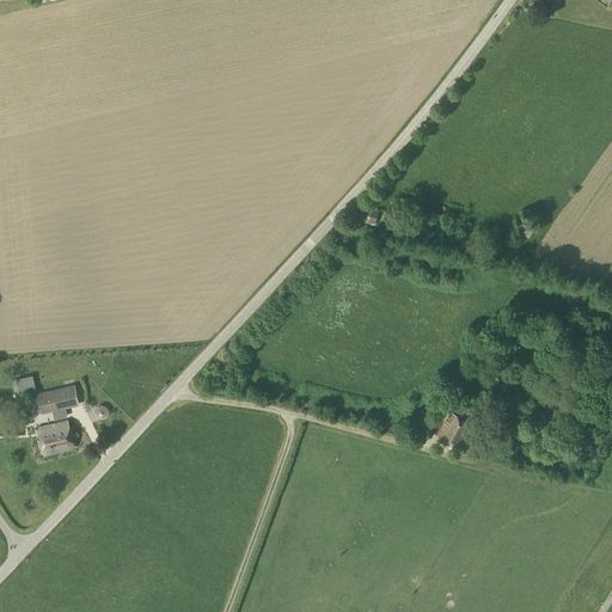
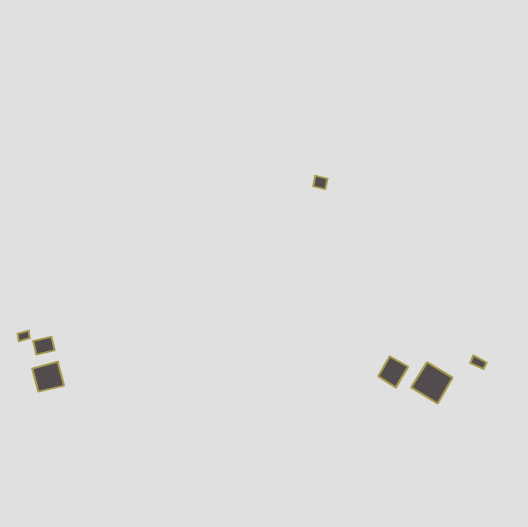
building: none -> [411,362,452,403]

